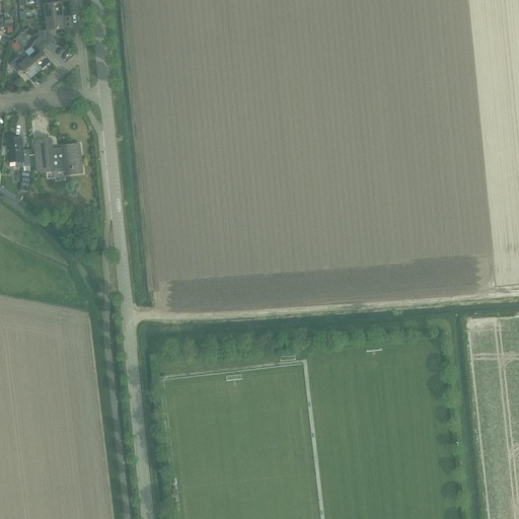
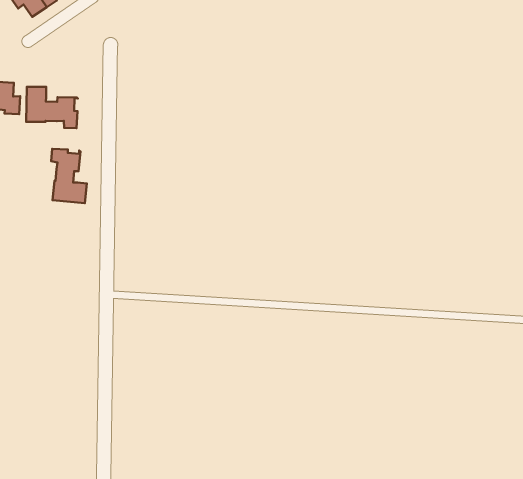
building: none -> [51,149,87,203]

